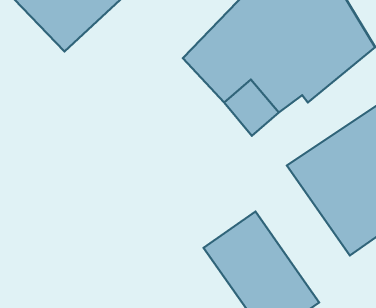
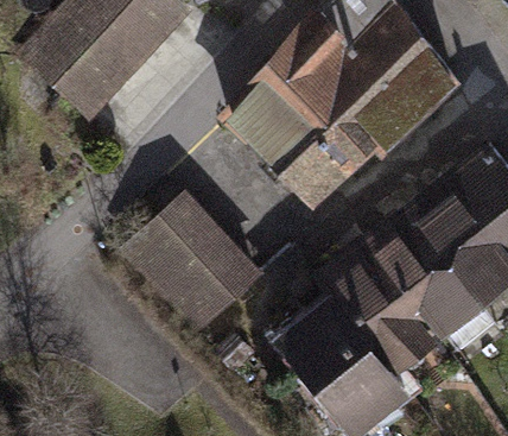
building: none -> [119,190,263,336]
building: none -> [313,235,444,374]

